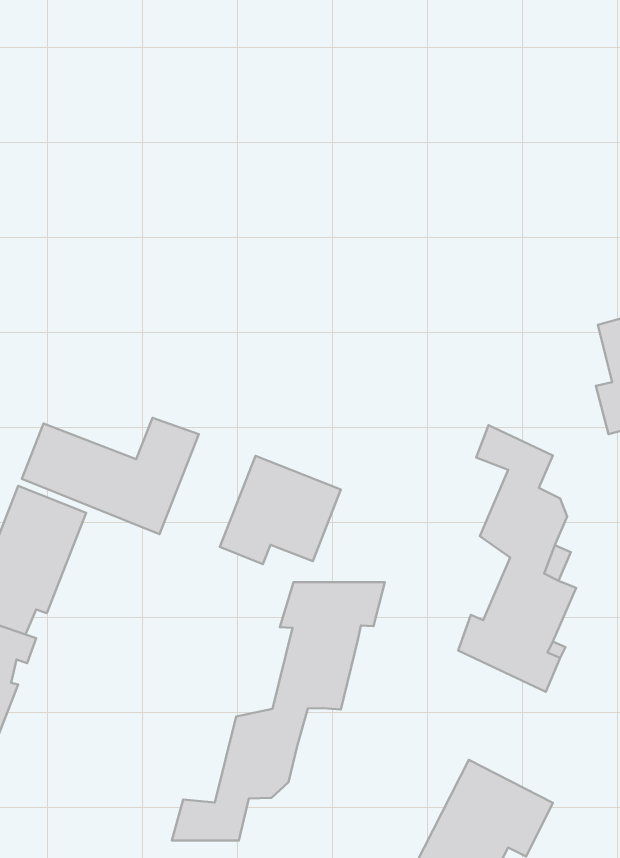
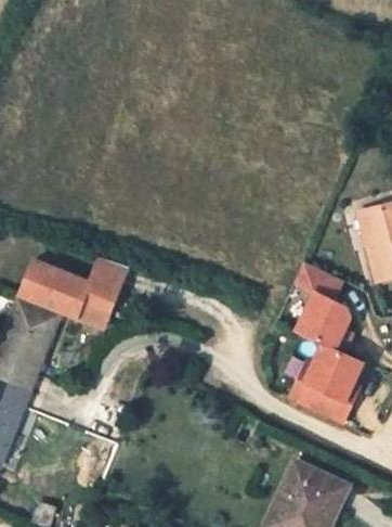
building: [220,456,341,564] -> none
building: [172,582,385,841] -> none

